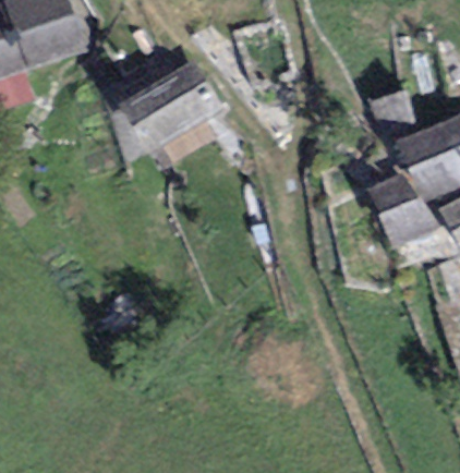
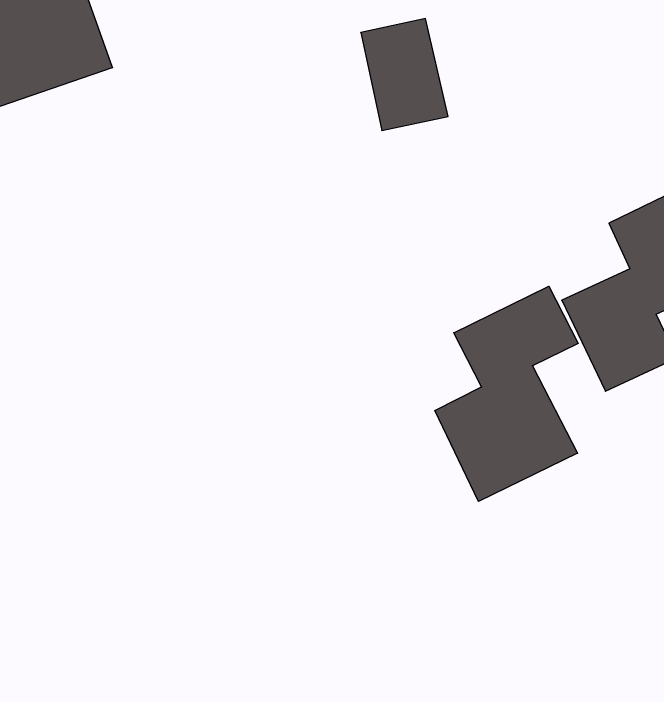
building: [116,59,225,156] -> none
building: none -> [435,286,578,501]

